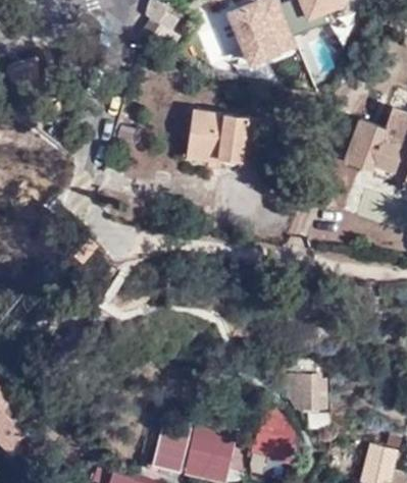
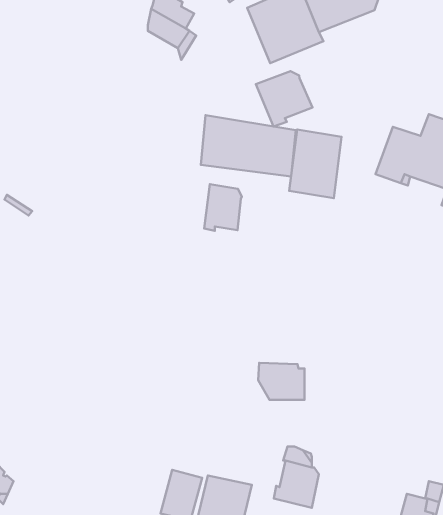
building: none -> [256,71,312,126]
building: none -> [289,130,342,198]
building: none -> [204,184,242,231]
building: [286,376,326,409] -> [258,363,304,400]

